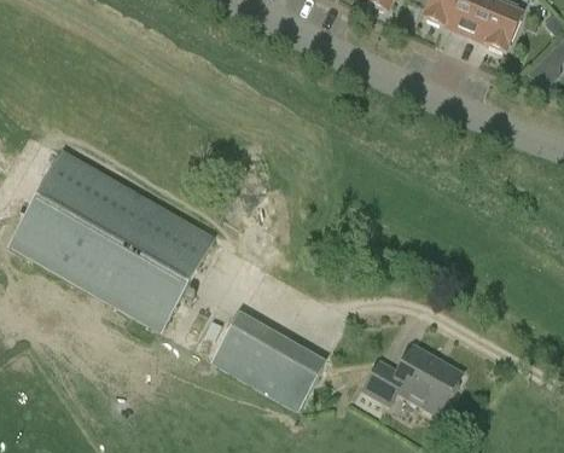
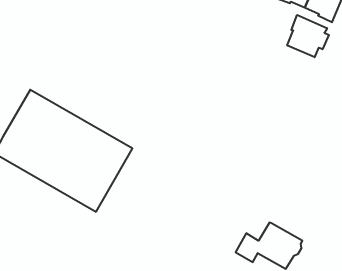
building: none -> [287,15,329,57]
building: [211,316,322,410] -> none

